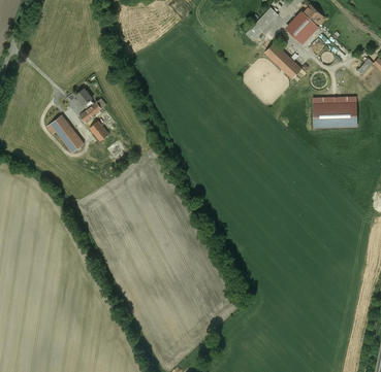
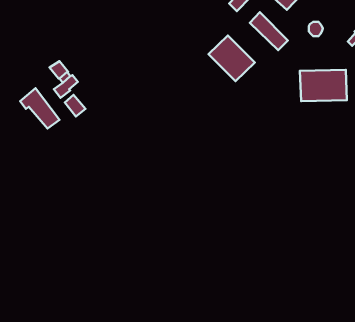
building: none -> [209,36,255,81]

